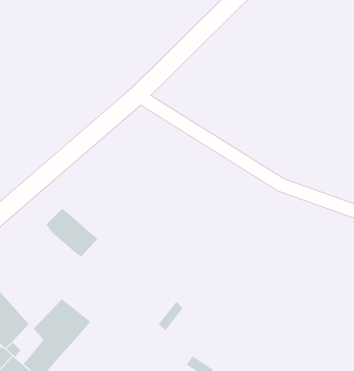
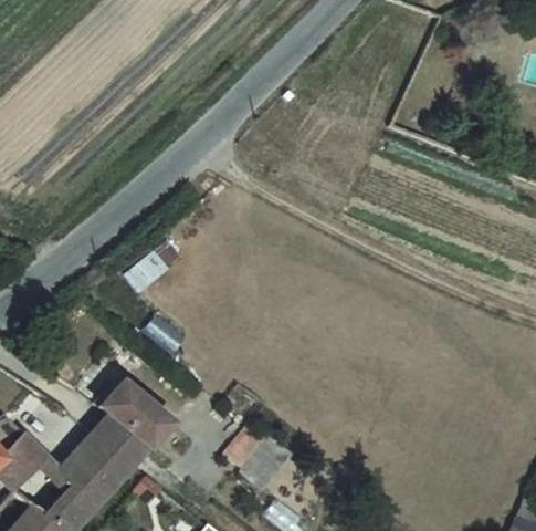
building: [45,208,98,257] -> [98,381,171,449]

